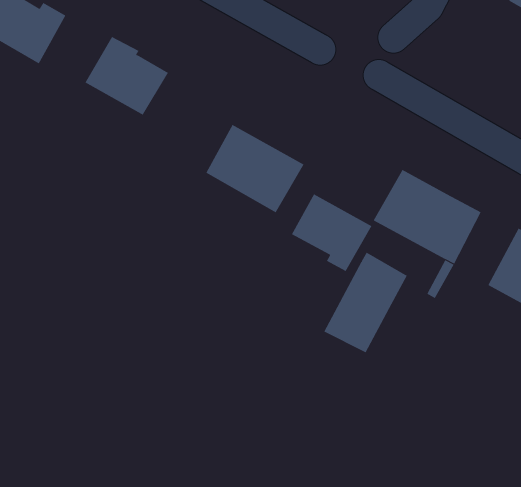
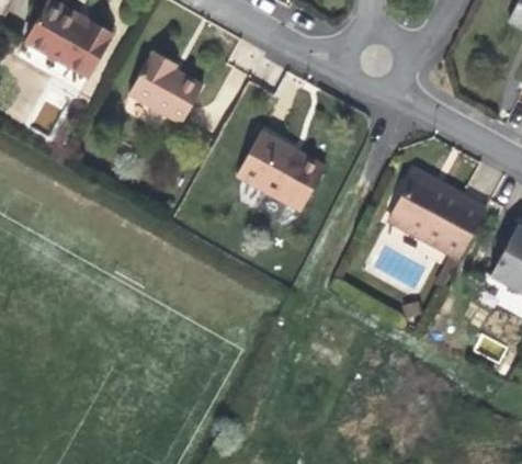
building: [291,194,372,272] -> none
building: [323,252,408,353] -> none

